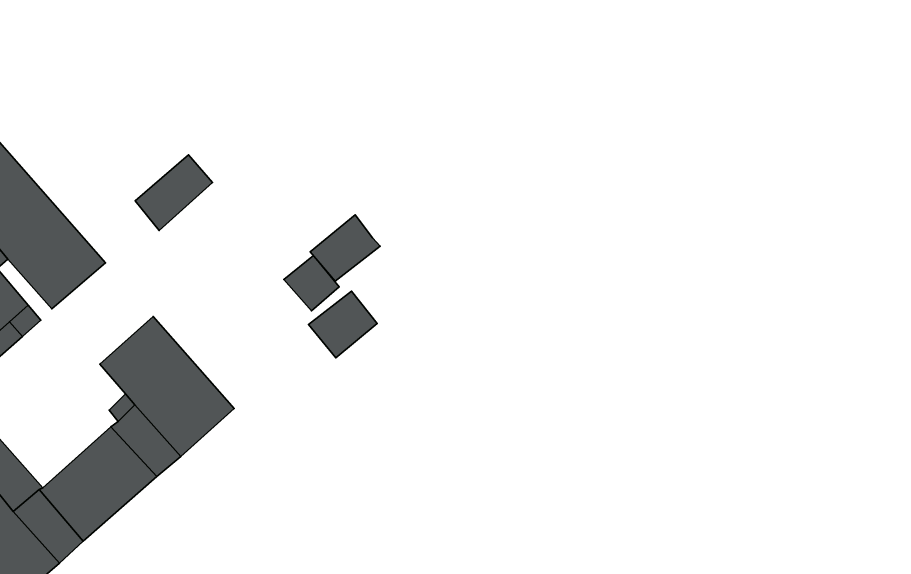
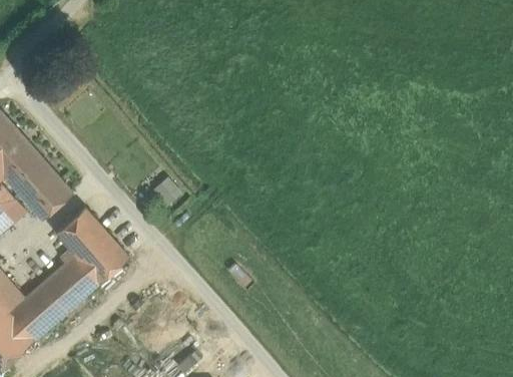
building: [135,155,213,230] -> [30,178,72,220]
building: [310,215,380,281] -> none
building: [308,291,377,358] -> none

